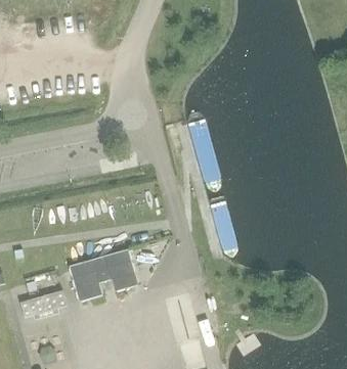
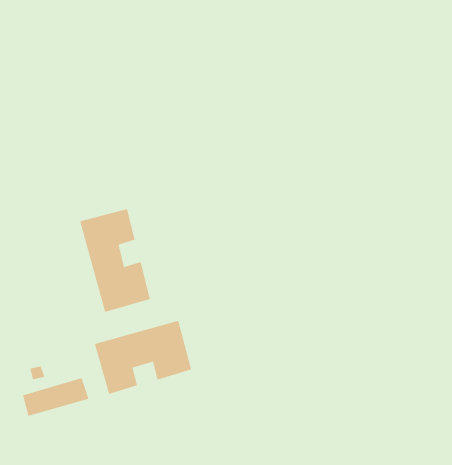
building: none -> [79,208,151,313]

